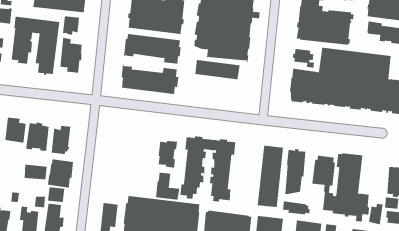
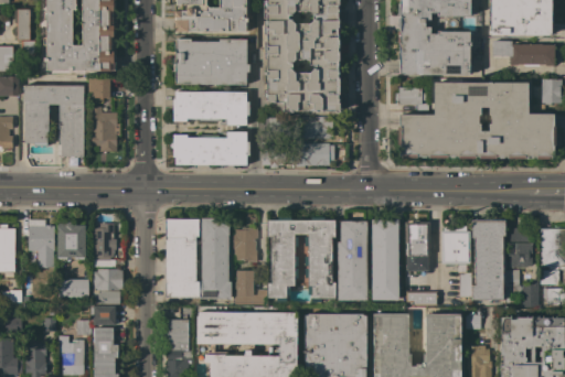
building: none -> [296,143,334,166]
building: none -> [166,218,232,299]
building: none -> [338,220,369,300]
building: none -> [509,227,533,267]

